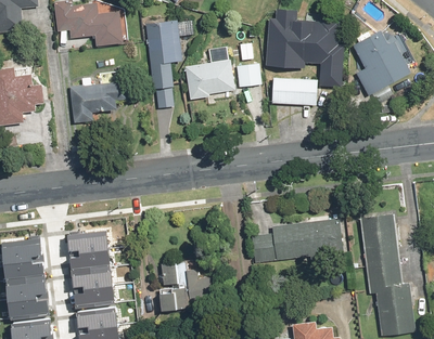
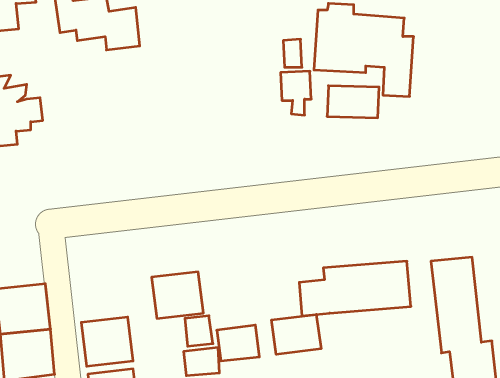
building: [145,21,183,110] -> none
building: [352,26,411,96] -> none
building: [184,47,238,105] -> none
building: [69,81,126,123] -> none
building: [71,231,113,269] -> [152,272,203,318]
building: none -> [272,314,321,354]

